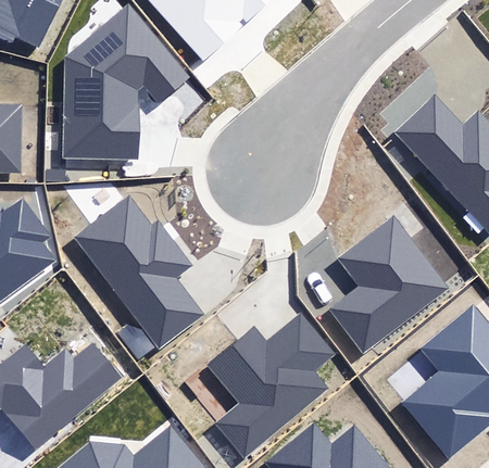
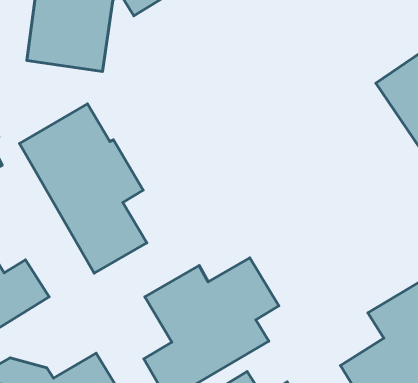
building: [329,216,449,354] -> none

